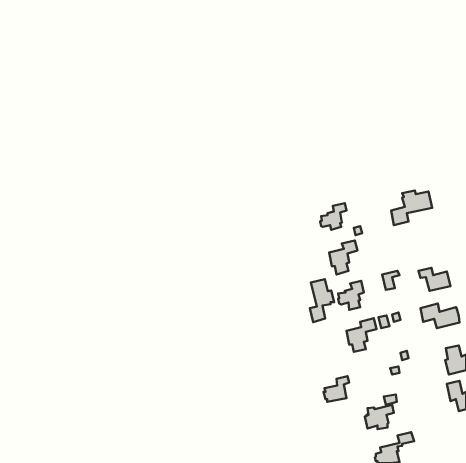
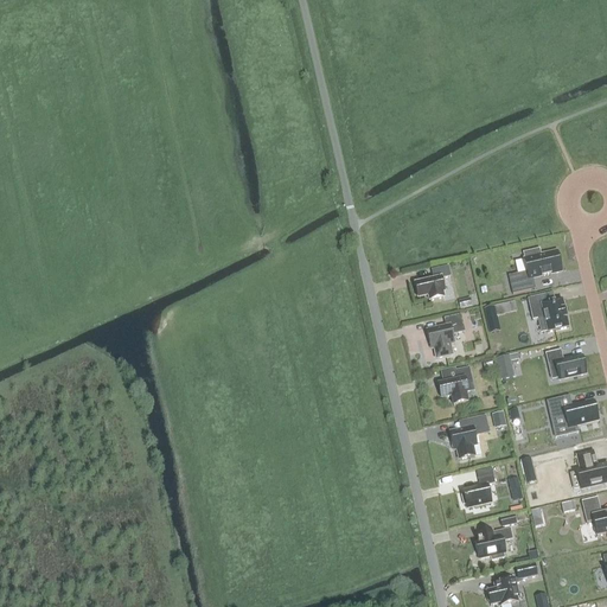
building: none -> [528,292,568,331]
building: [310,279,334,322] -> none
building: [324,376,349,402] -> [462,473,496,506]

